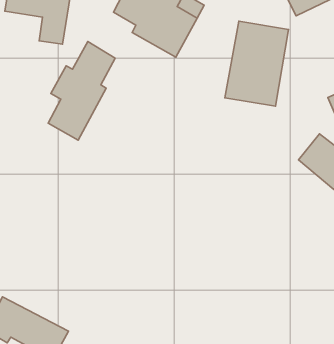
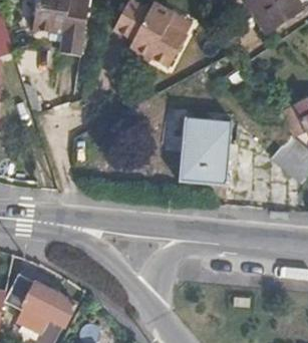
building: [225,21,288,106] -> [178,113,232,186]
building: [48,42,115,140] -> none

